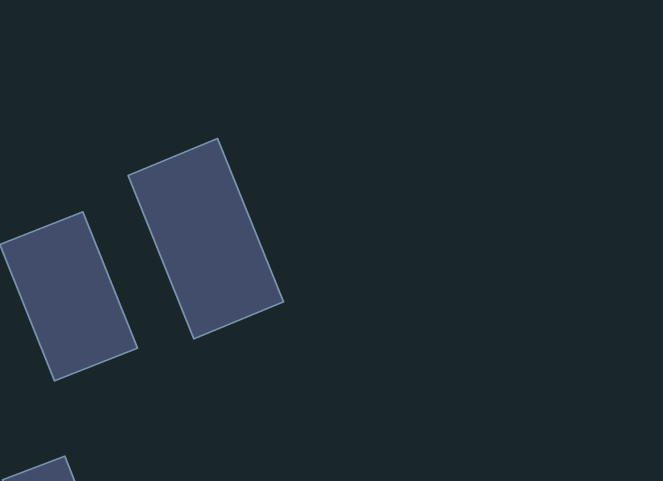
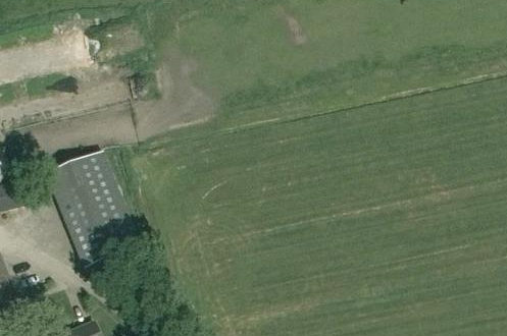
building: [128,139,283,339] -> none

